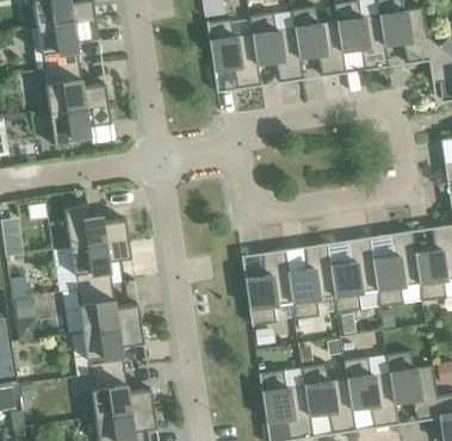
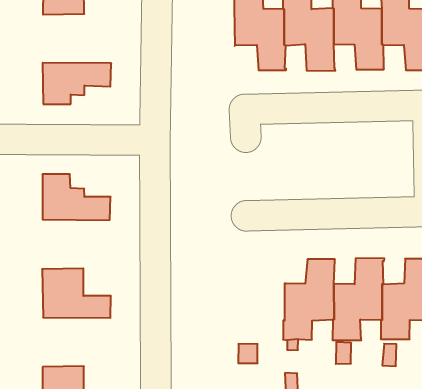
building: [43,63,109,111] -> none
building: [69,238,131,290] -> none
building: [244,249,292,325] -> none
building: [82,323,144,374] -> none

